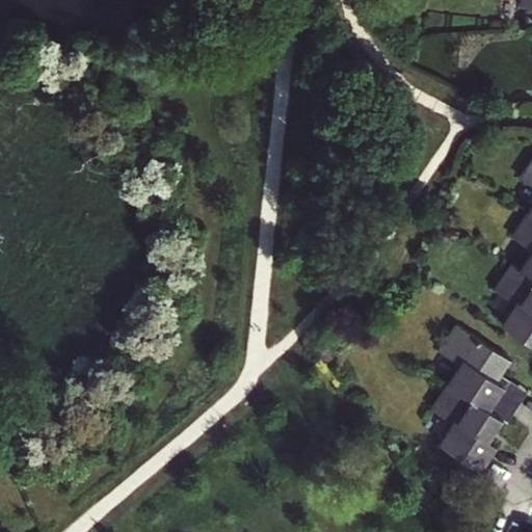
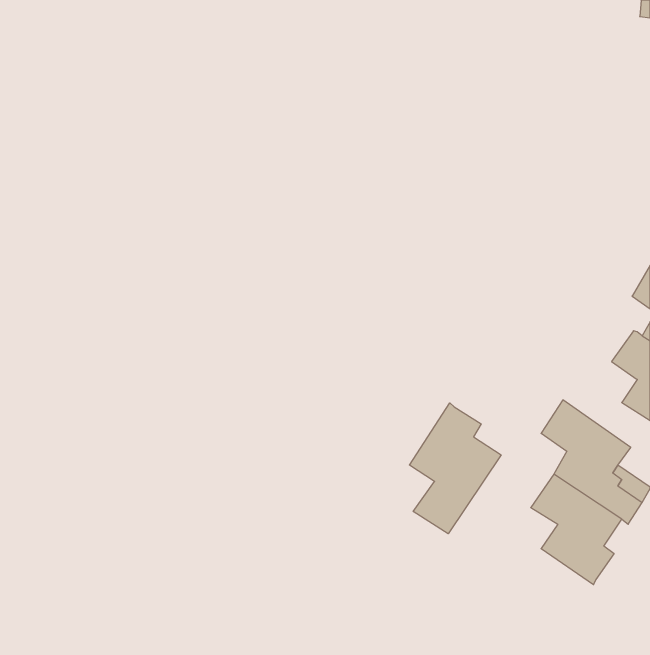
building: none -> [409,403,501,534]

